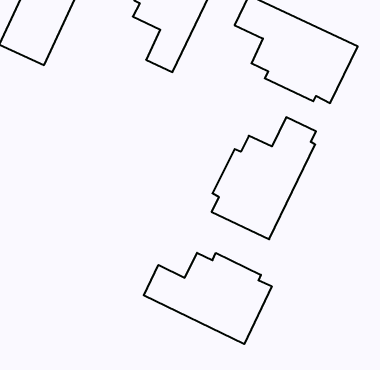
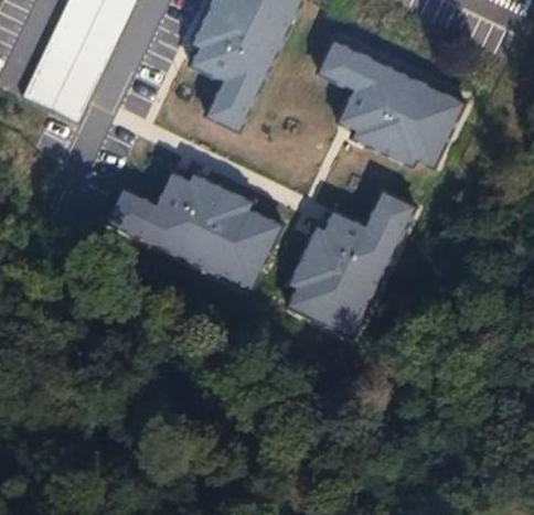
building: none -> [104,173,284,296]
building: [144,253,272,344] -> none

